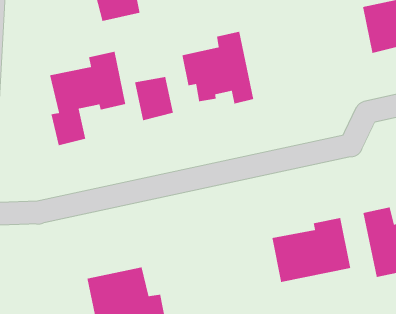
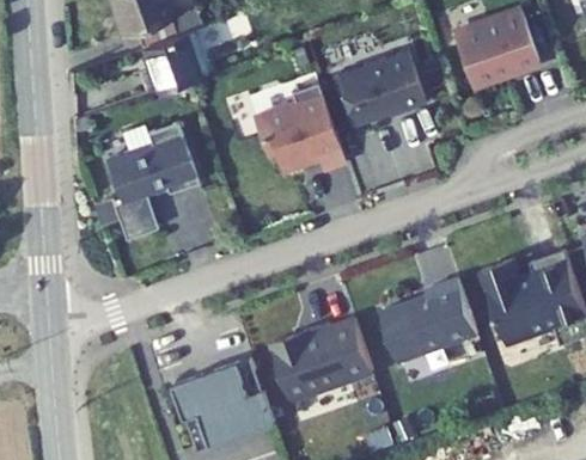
building: none -> [336,53,425,125]
building: [134,76,174,121] -> none
building: none -> [271,320,373,401]

